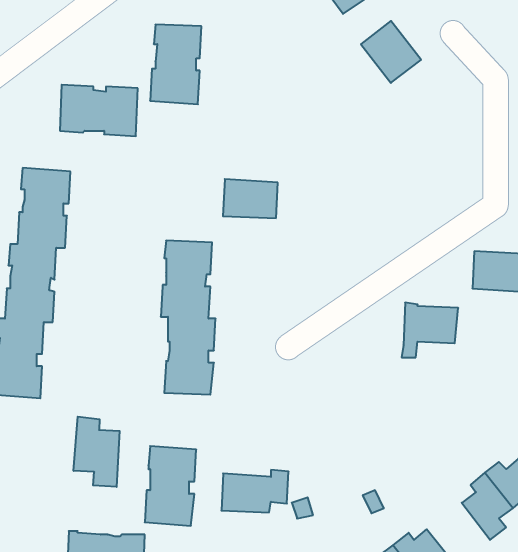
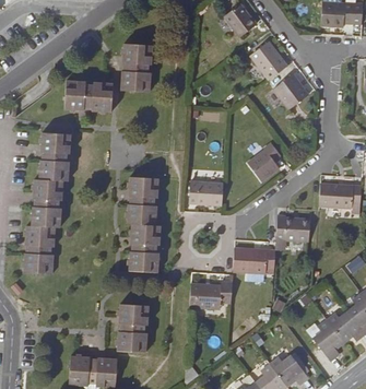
building: none -> [273,73,308,109]
building: [223,179,278,218] -> [189,180,223,204]
building: none -> [247,142,281,181]
building: none -> [233,247,275,272]
building: [74,417,120,487] -> none
building: [221,470,289,512] -> [190,281,232,307]

